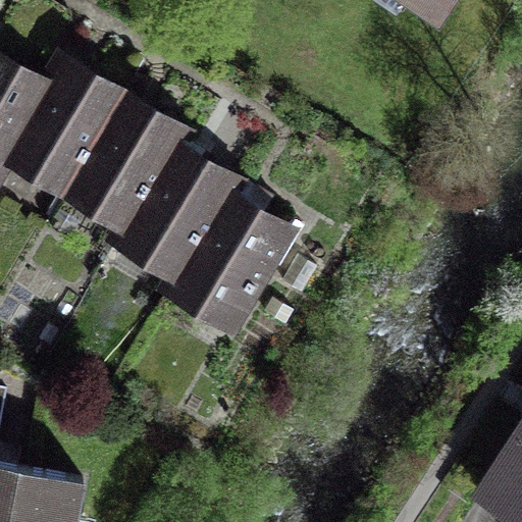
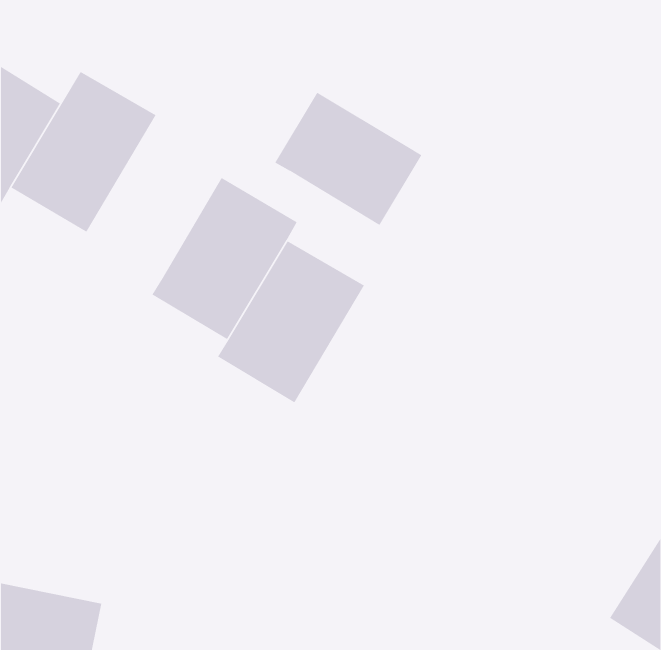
building: none -> [274,92,422,226]
building: [68,99,182,227] -> none

